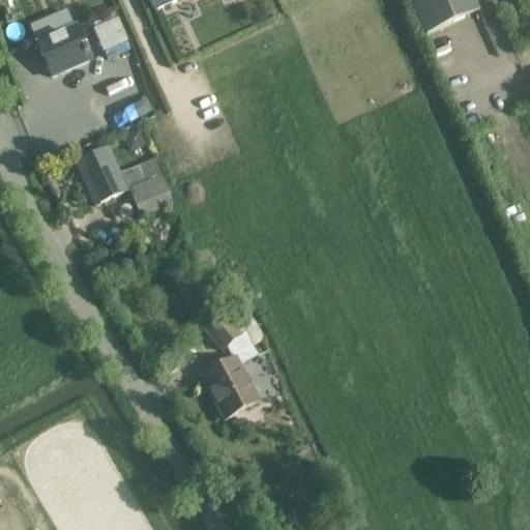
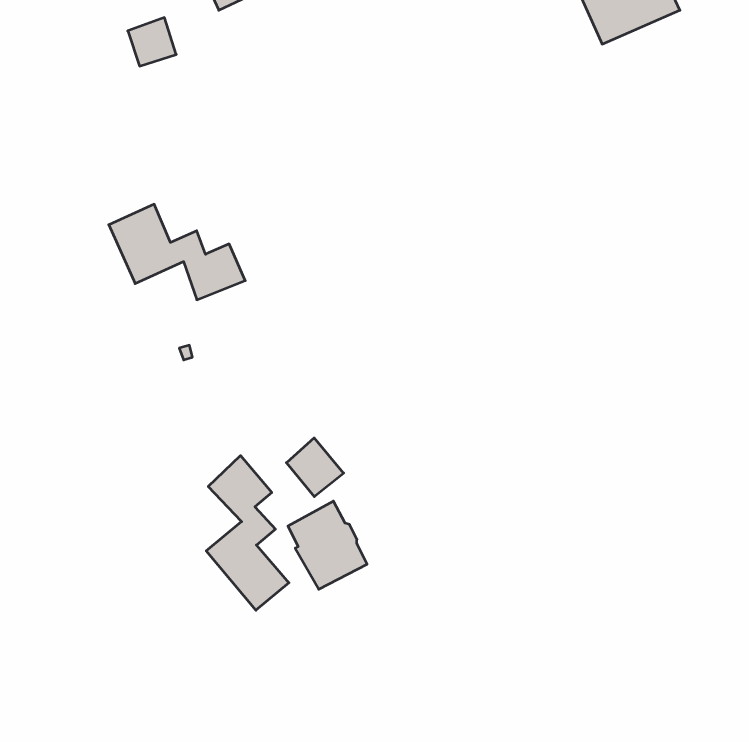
building: [33,6,94,75] -> none
building: none -> [206,456,289,610]

